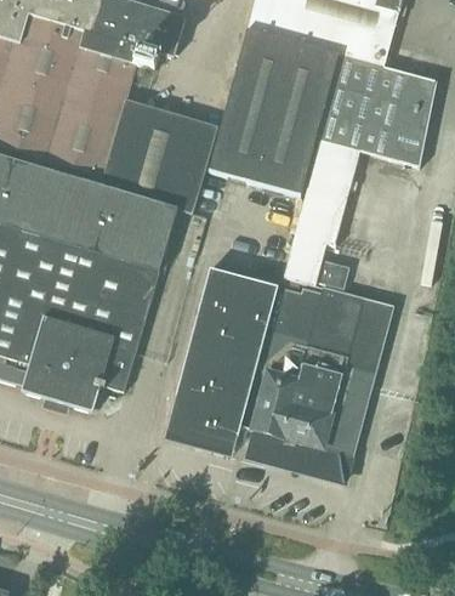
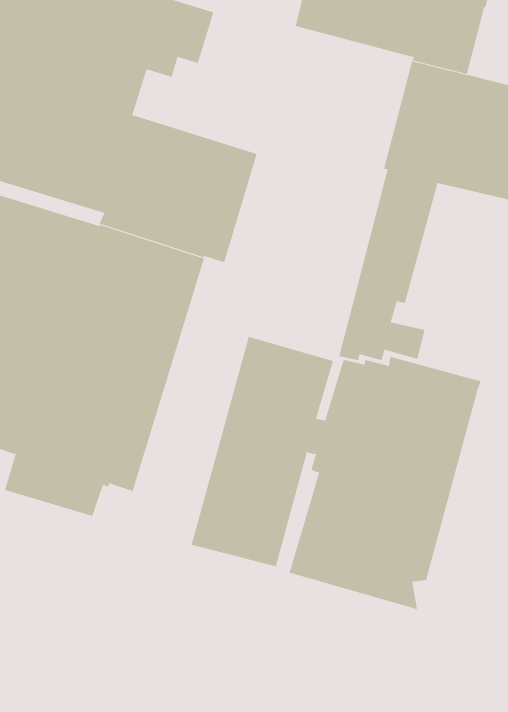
building: [210,28,340,195] -> none

